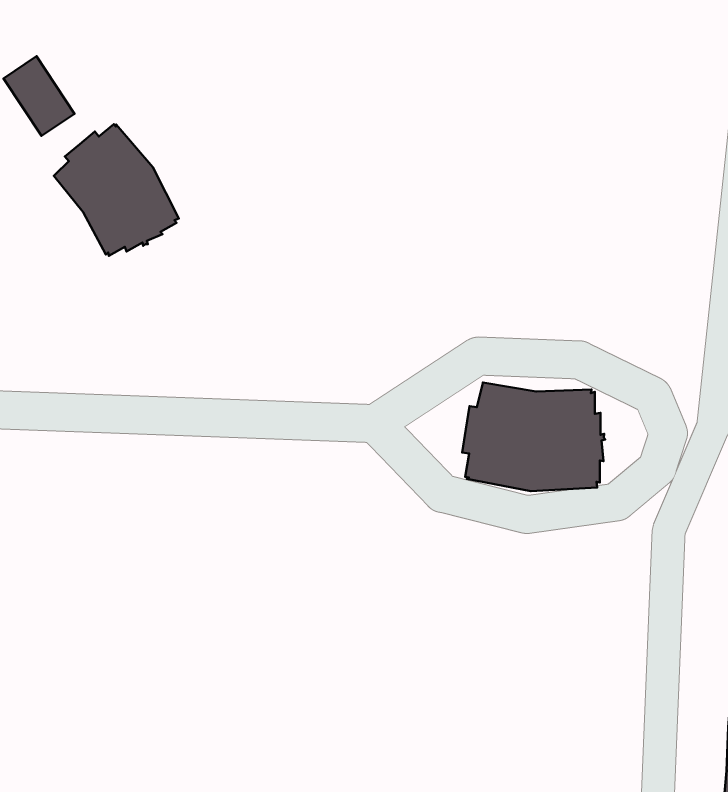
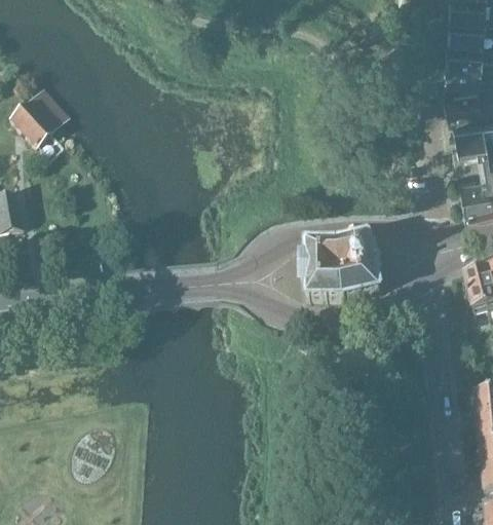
building: [54,124,179,256] -> none

